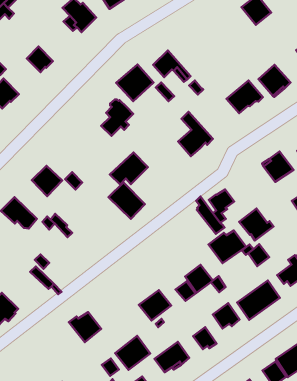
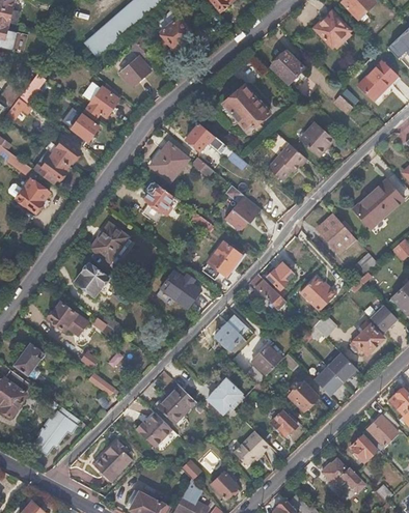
building: none -> [222,84,271,133]
building: none -> [70,113,99,145]
building: none -> [33,149,69,183]
building: none -> [91,223,128,261]
building: [110,152,148,185] -> [201,241,241,278]
building: [208,231,246,263] -> [214,317,254,353]
building: none -> [92,439,132,482]
building: [115,336,150,370] -> [158,383,195,421]

